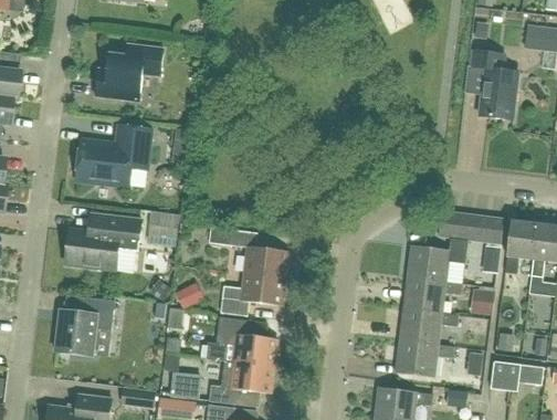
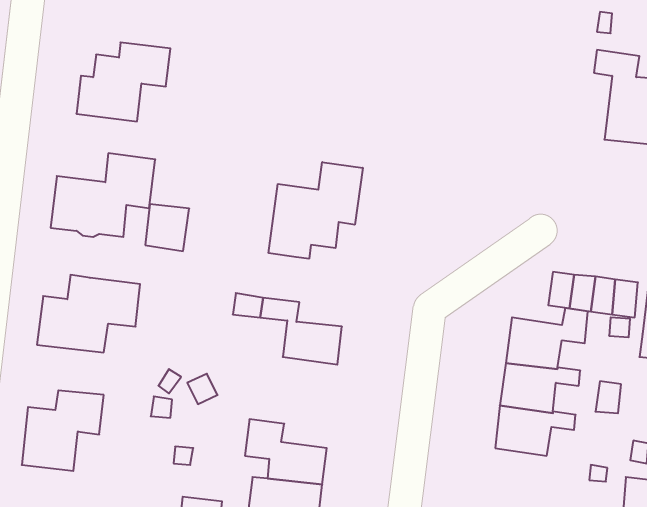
building: none -> [269,162,363,259]
building: [146,210,178,244] -> [145,204,189,251]
building: [220,272,284,315] -> none
building: [395,338,453,376] -> none

